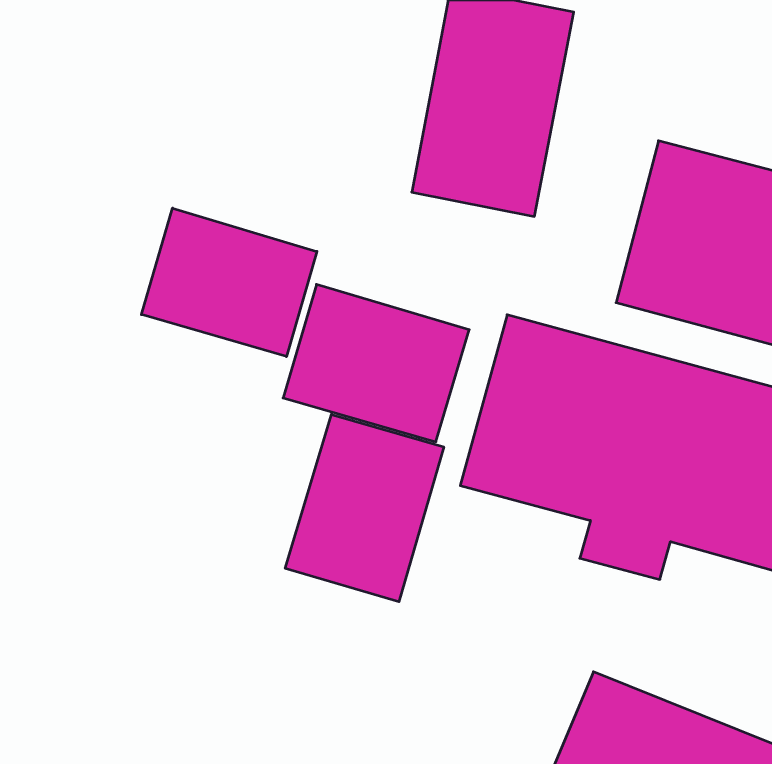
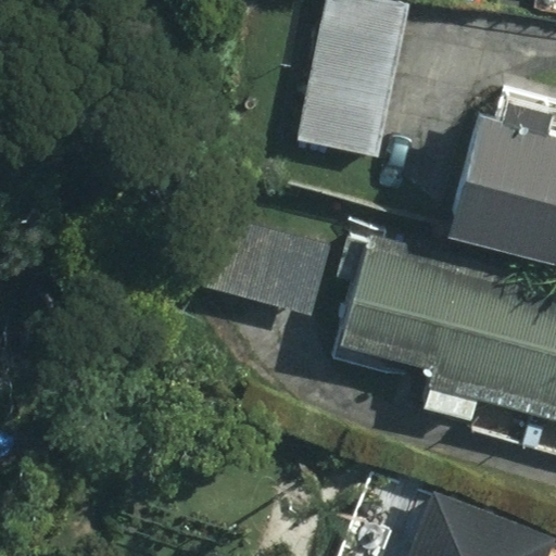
building: [141,208,317,357] -> none
building: [285,414,444,602] -> none

